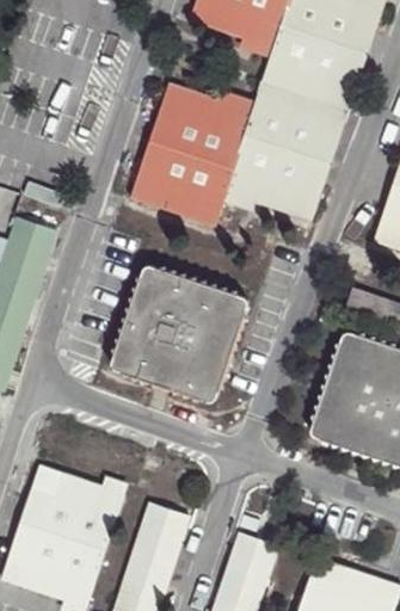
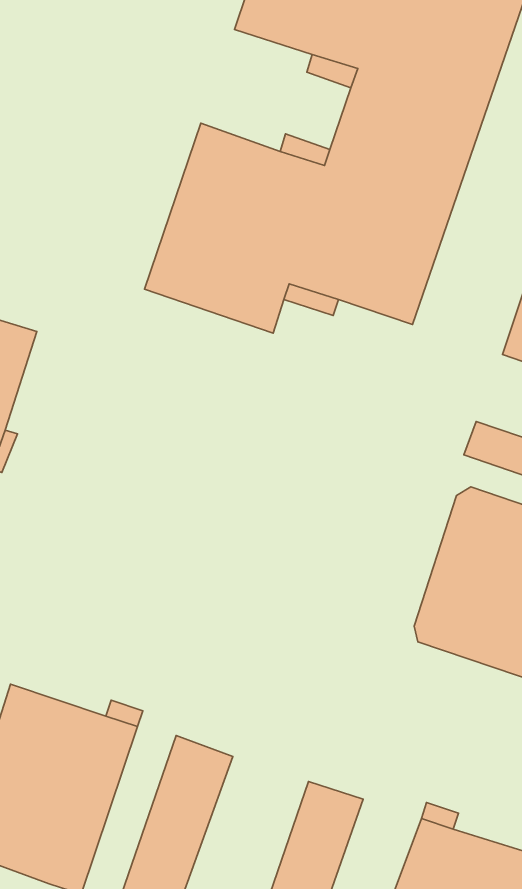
building: [111,267,246,403] -> none

